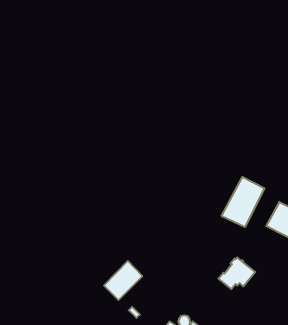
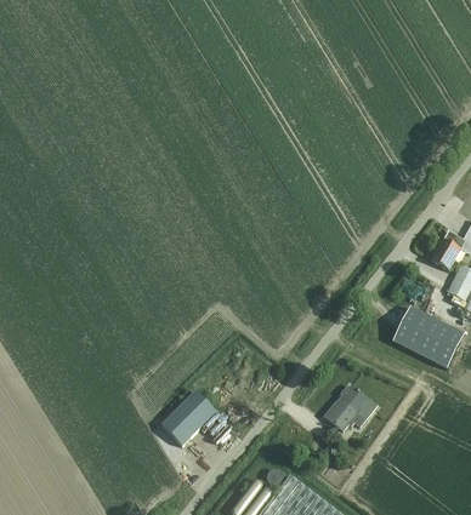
building: [222,177,265,227] -> none

